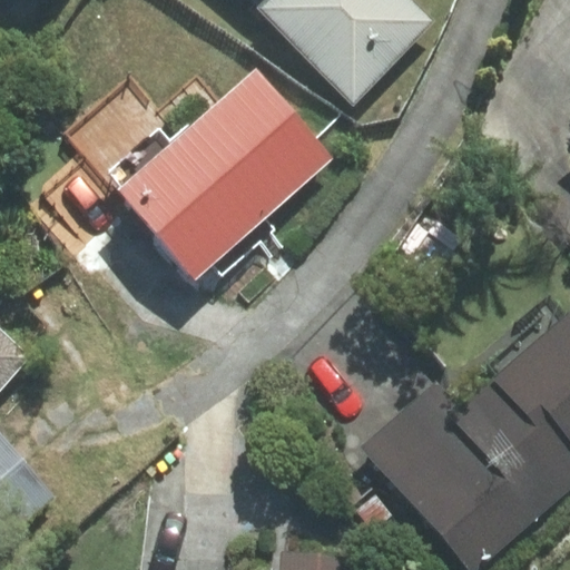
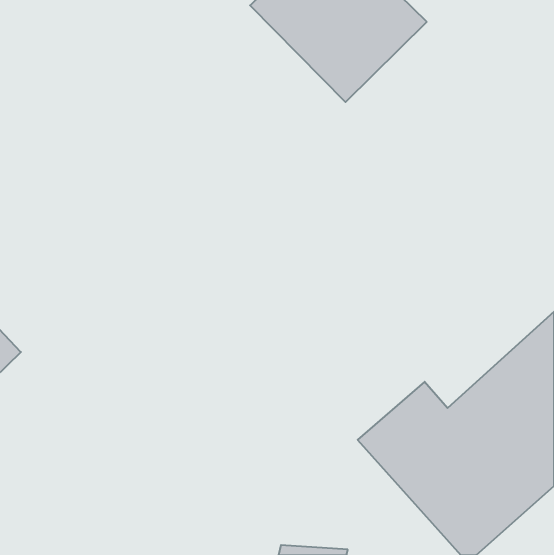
building: [120,68,336,276] -> none

